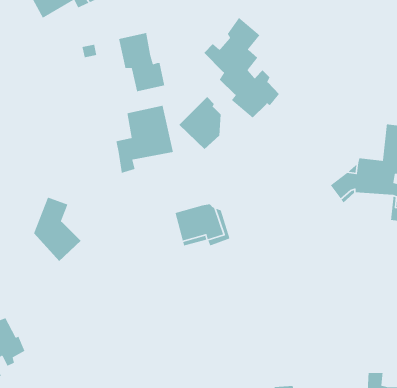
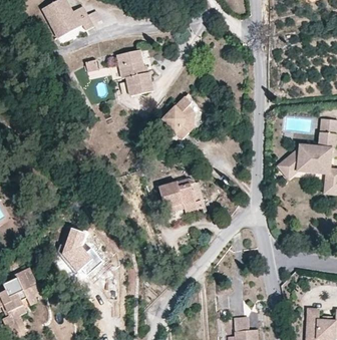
building: [203,17,280,118] -> none
building: [116,105,174,174] -> none
building: [33,196,82,262] -> [65,229,102,279]

